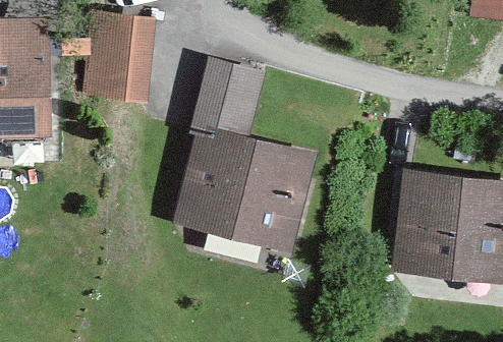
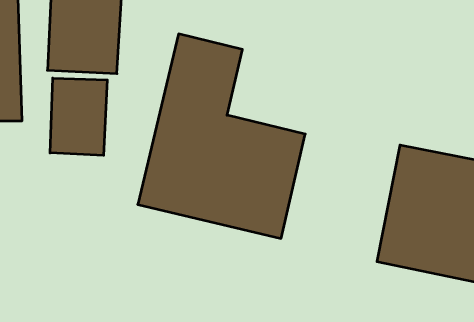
building: none -> [50,78,107,155]

